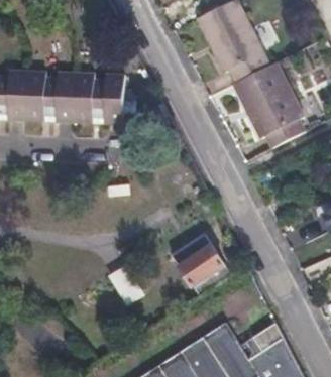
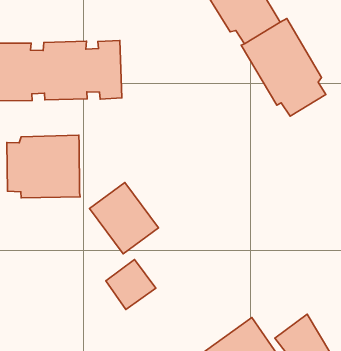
building: none -> [7,135,80,198]
building: [173,234,232,296] -> [89,182,159,254]

